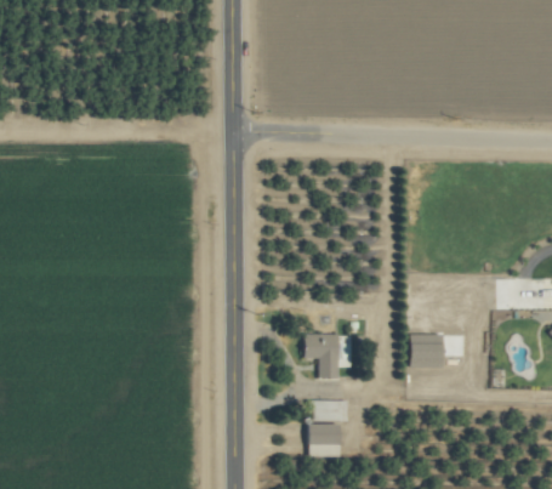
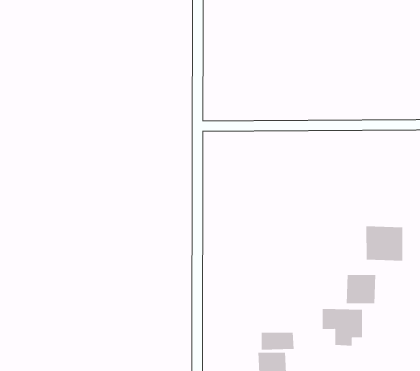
building: none -> [366,226,403,261]
building: [306,334,353,377] -> [322,308,363,346]

